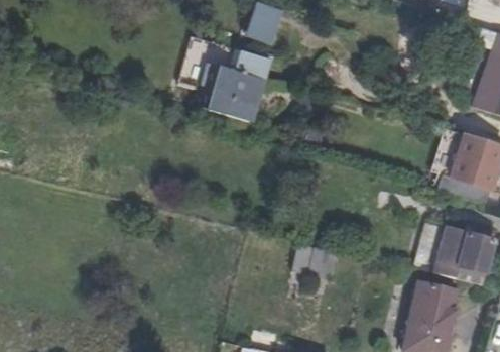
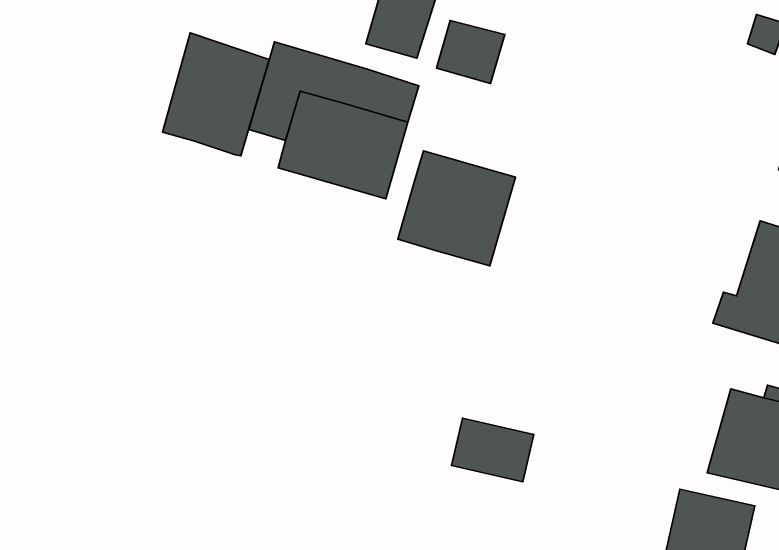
building: none -> [437,20,505,84]
building: none -> [162,33,269,156]
building: none -> [398,151,515,266]

